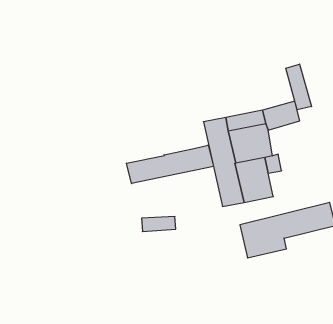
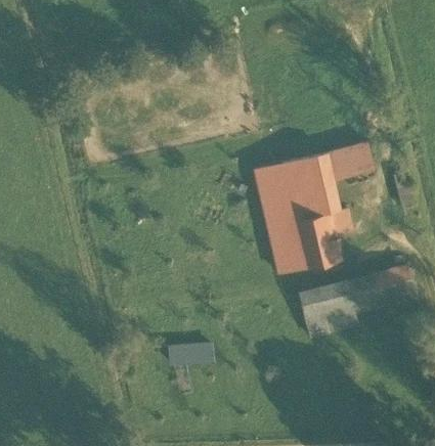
building: [286,64,312,110] -> none
building: [127,145,213,184] -> none
building: [142,217,176,232] -> [170,344,212,362]

